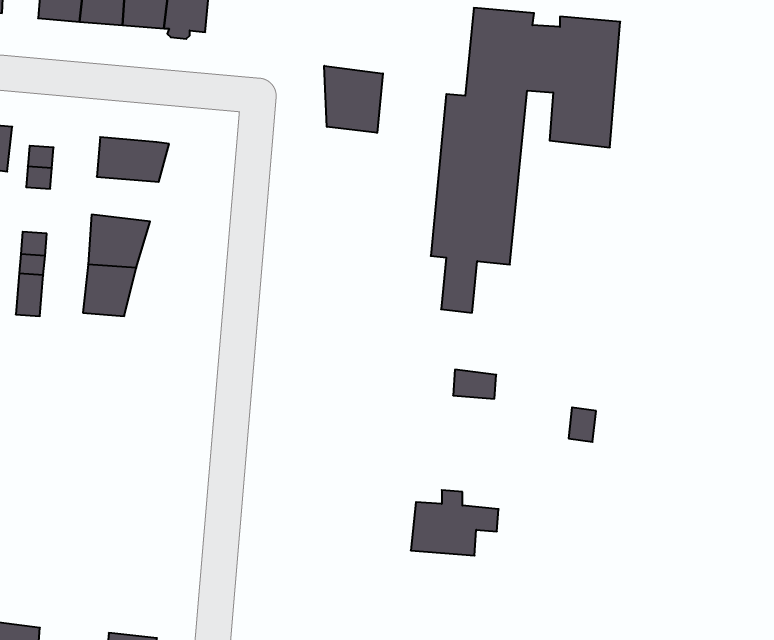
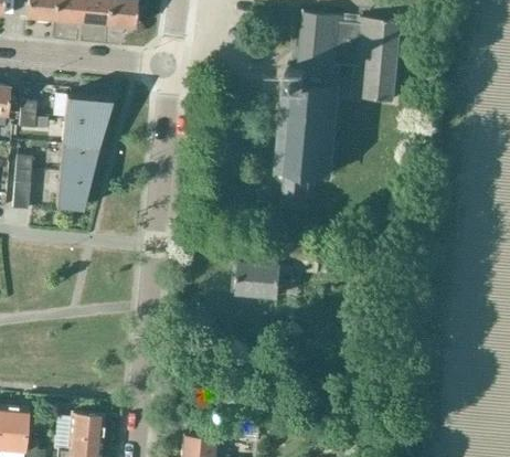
building: [324,66,383,133] -> none
building: none -> [61,119,104,148]
building: [411,490,499,556] -> [237,254,294,296]

